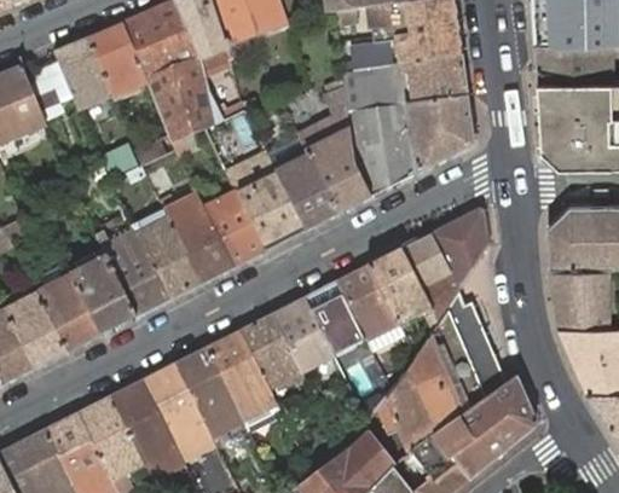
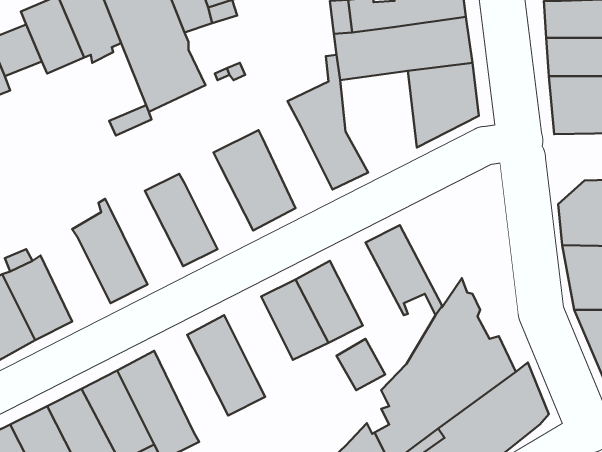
building: [347,104,417,197] -> none
building: [276,155,340,230] -> none
building: [204,191,267,267] -> none
building: [401,207,488,320] -> none
building: [137,214,203,300] -> none
building: [73,251,137,334] -> none
building: [337,261,405,337] -> none
building: [241,311,303,385] -> none
building: [177,346,244,435] -> none

